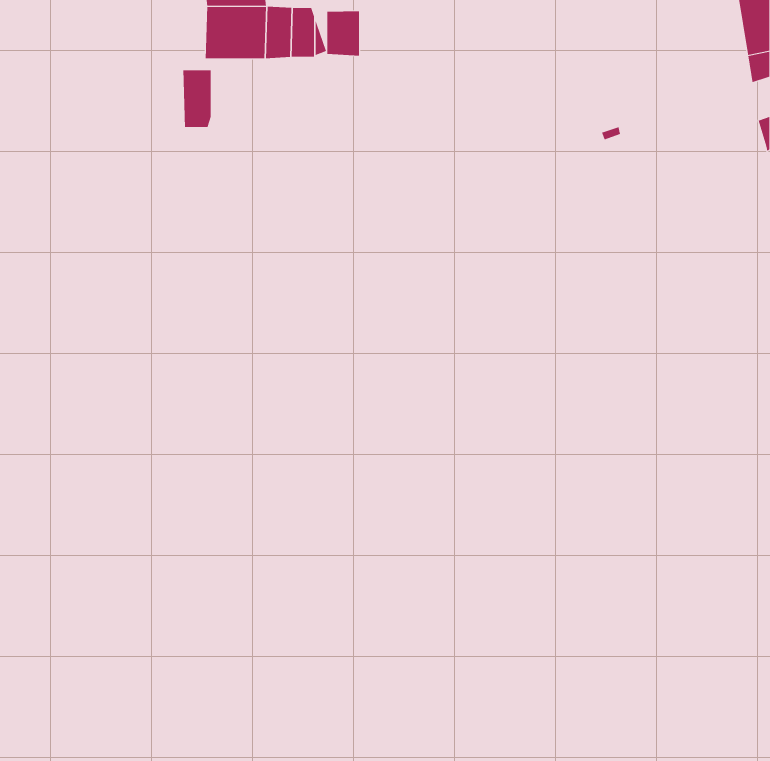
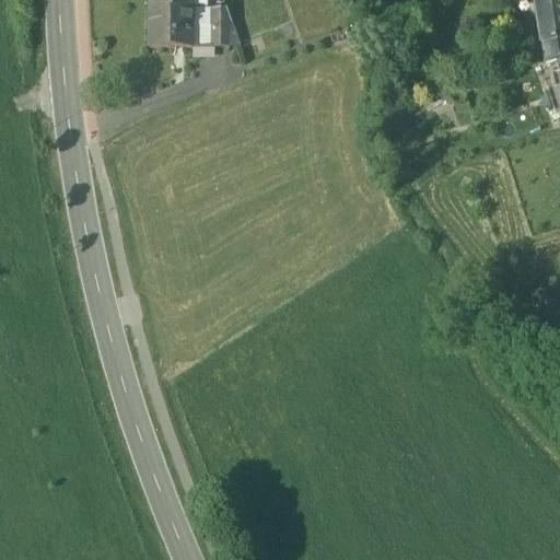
building: [327,10,360,56] -> none
building: [183,69,211,128] -> none

